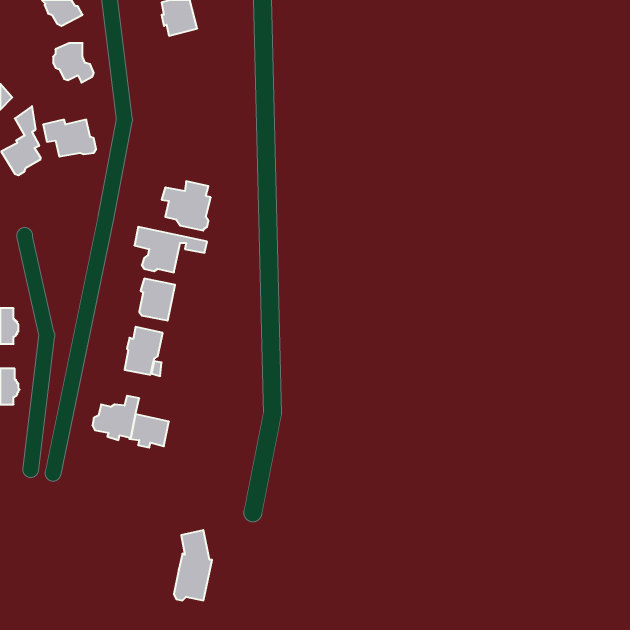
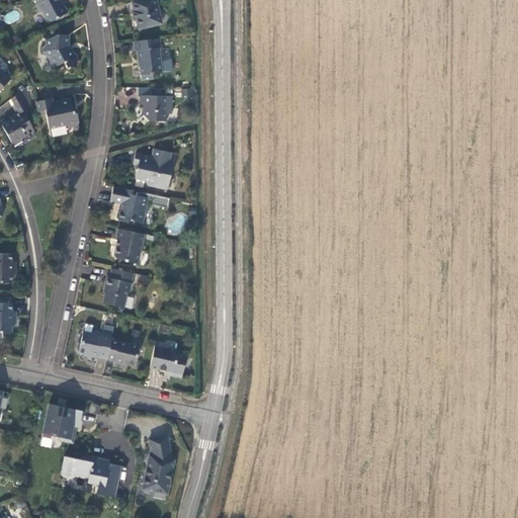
building: none -> [134,38,162,80]
building: none -> [140,95,172,121]
building: none -> [150,345,186,377]
building: none -> [41,404,81,441]
building: none -> [61,454,120,497]

